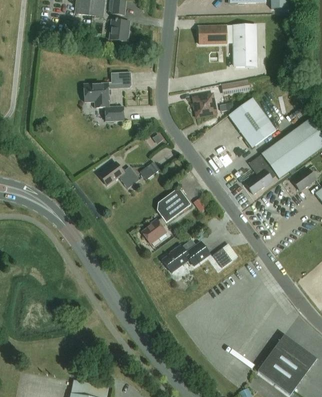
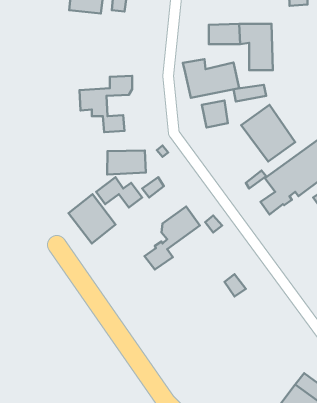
building: [109,19,130,41] -> none
building: none -> [183,59,239,98]
building: none -> [107,151,146,174]
building: none -> [69,194,116,244]
building: [162,241,210,272] -> none

